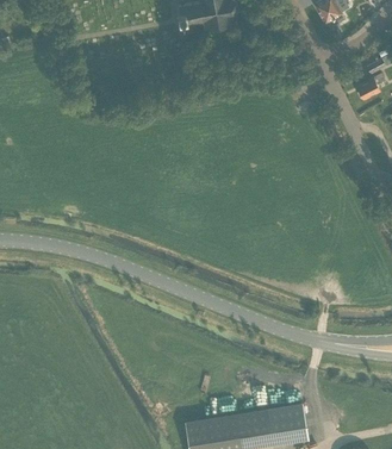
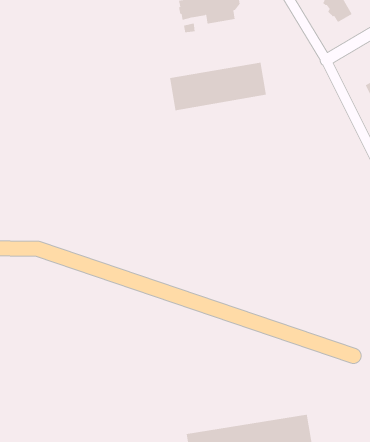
building: none -> [169,62,266,111]

